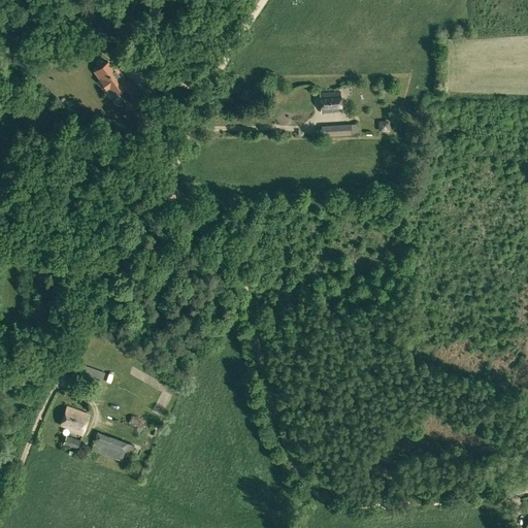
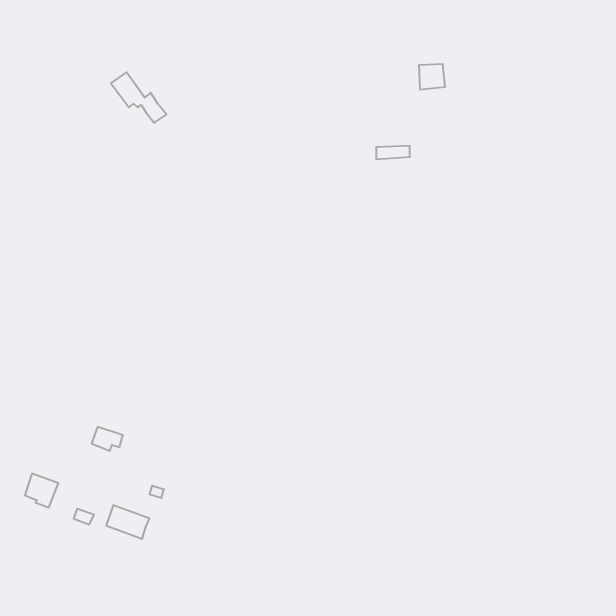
building: [320,92,342,113] -> [419,64,445,89]
building: [61,406,90,435] -> [25,474,58,507]

